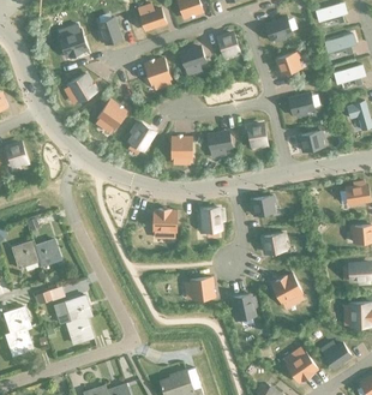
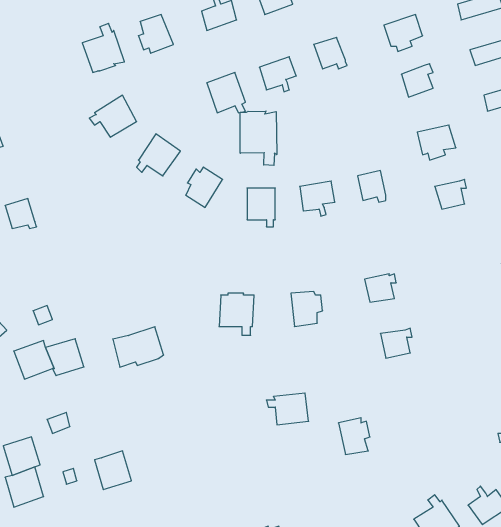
building: none -> [240,111,277,165]
building: [271,274,304,304] -> none
building: [55,295,90,323] -> [113,327,164,367]

